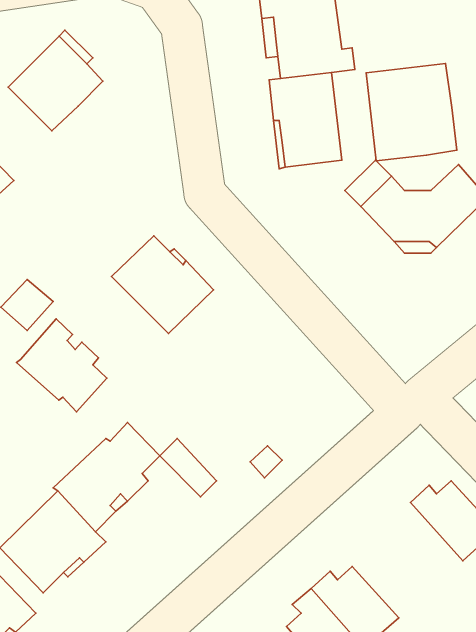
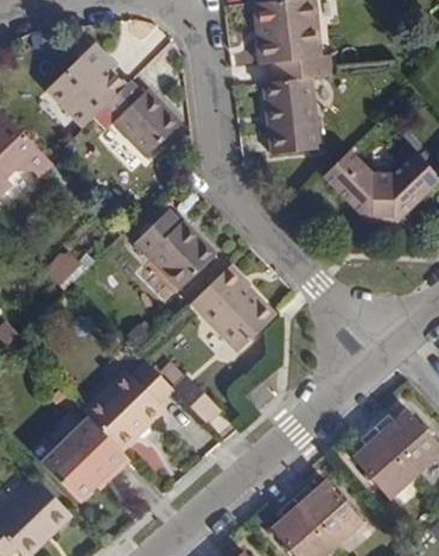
building: [366,64,457,161] -> none
building: none -> [106,81,180,158]
building: none -> [190,267,274,352]
building: [16,319,107,412] -> none
building: none -> [356,428,419,498]

